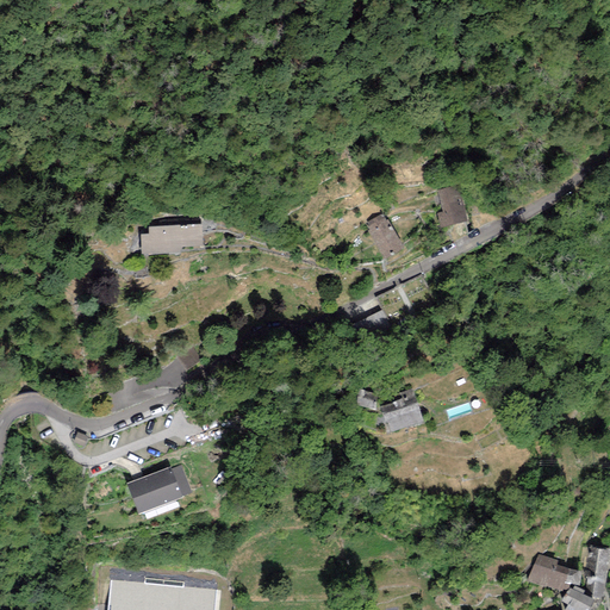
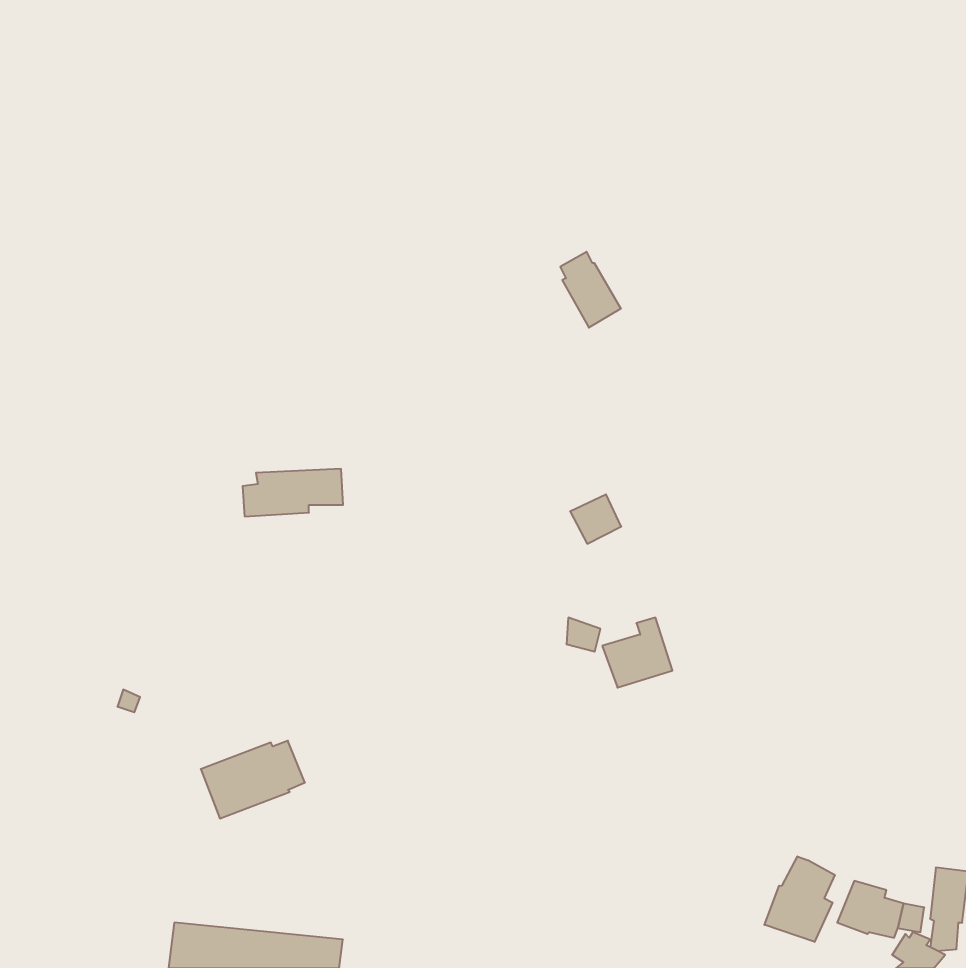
building: [438,185,468,228] -> none
building: [367,213,405,261] -> [560,252,621,328]
building: [141,224,204,254] -> [243,469,343,516]
building: none -> [764,856,835,942]

